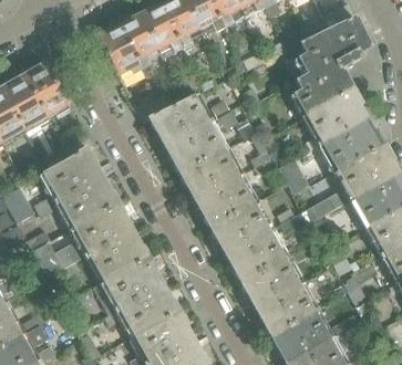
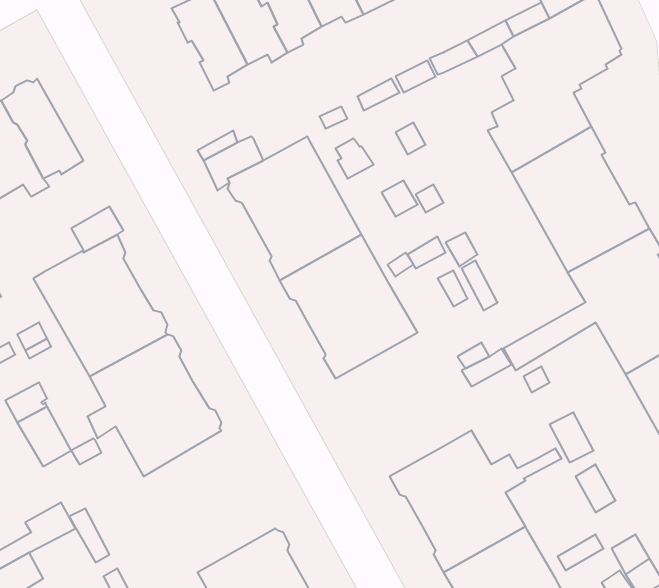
building: [96,23,143,80] -> none
building: [210,202,286,282] -> none
building: [104,257,178,335] -> none

